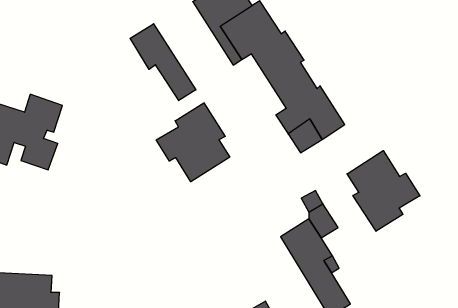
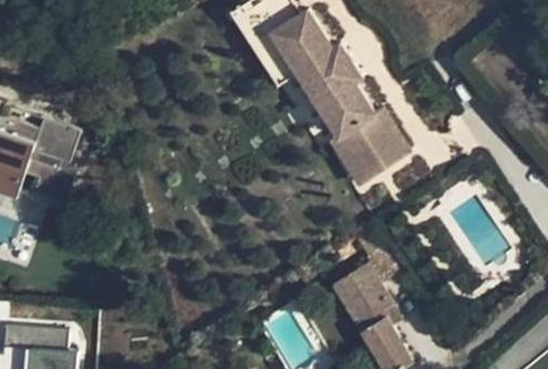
building: [130,24,196,101] -> none
building: [156,103,230,182] -> none
building: [347,151,420,231] -> none

